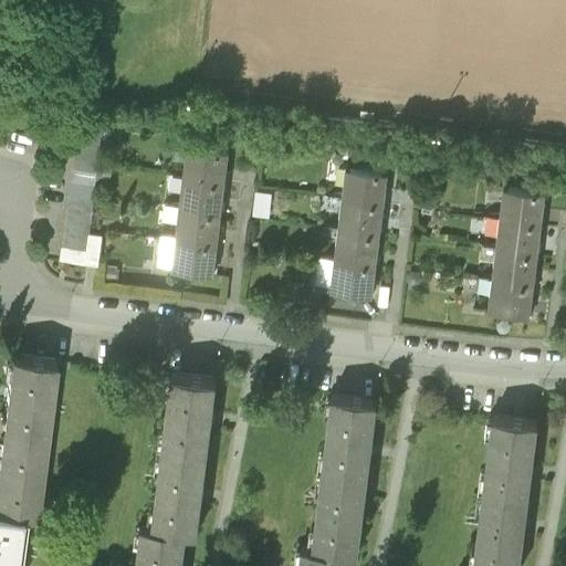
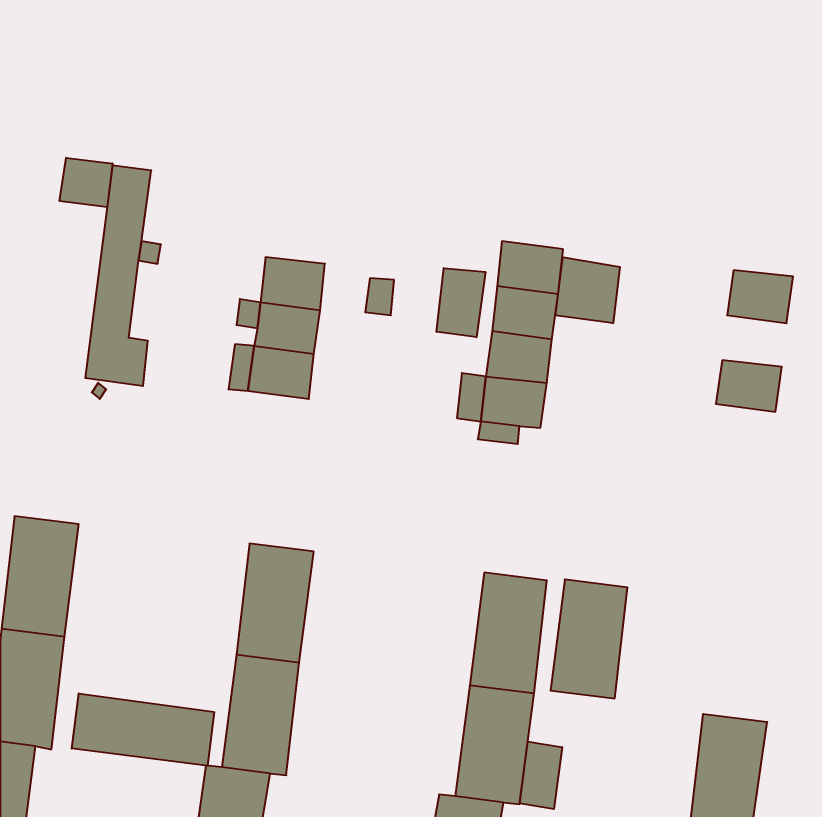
building: none -> [60,158,112,207]
building: [182,149,228,185] -> none
building: none -> [556,257,620,323]
building: none -> [437,268,485,337]
building: [496,220,541,255] -> none
building: [489,281,533,317] -> none
building: [483,418,536,500] -> [550,579,628,698]
building: none -> [72,693,214,766]
building: none -> [520,741,562,809]

